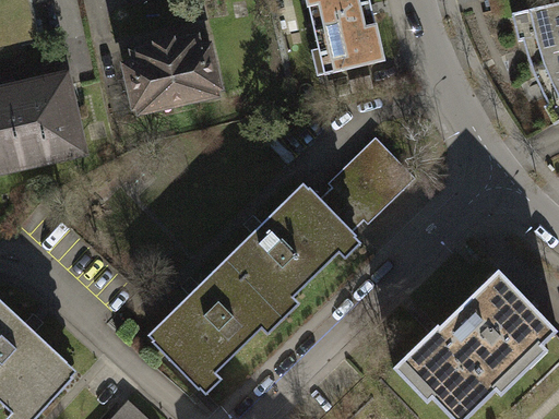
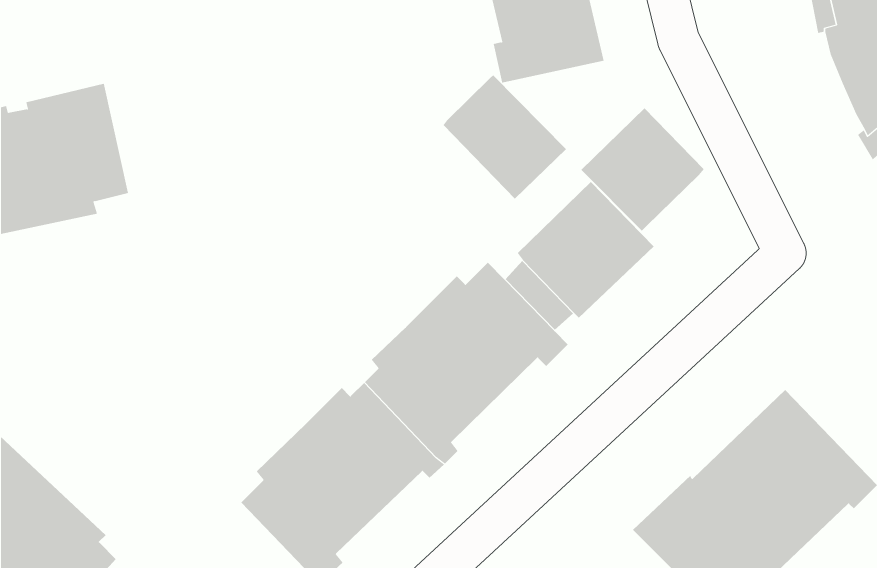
building: [124,36,221,107] -> none
building: none -> [443,75,567,200]
building: none -> [580,107,704,232]

